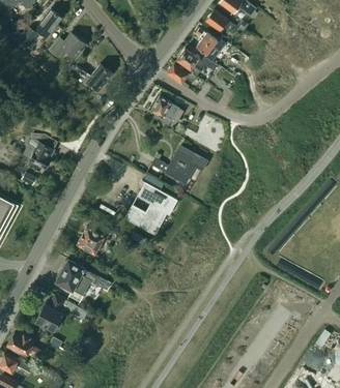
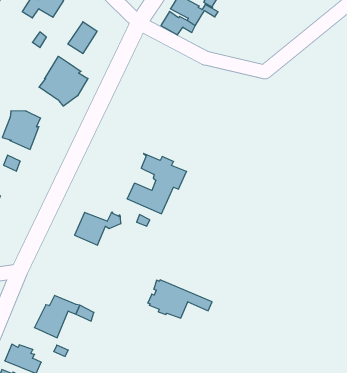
building: none -> [39,56,88,106]
building: [151,96,185,125] -> none
building: [150,147,207,183] -> none
building: [56,261,111,295] -> [148,280,212,318]

